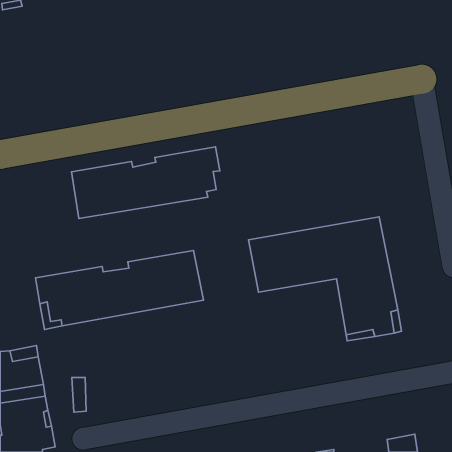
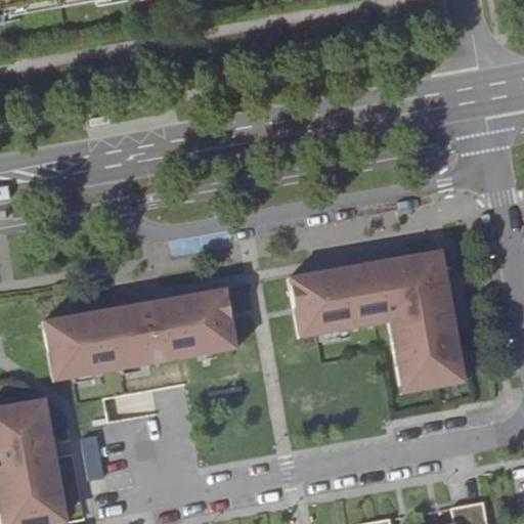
building: [72,147,220,219] -> none

